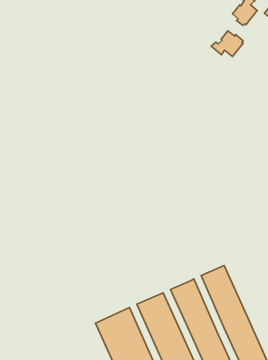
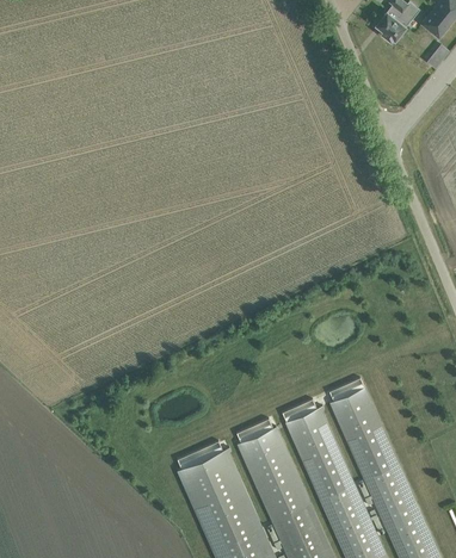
building: [211,31,243,56] -> none

